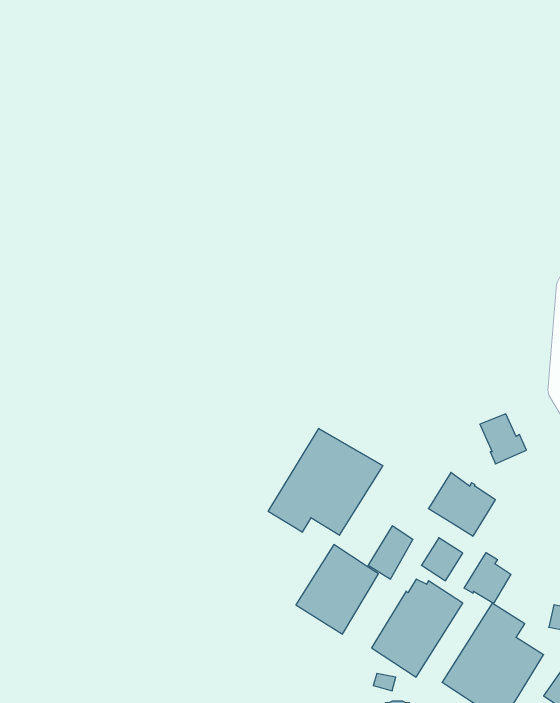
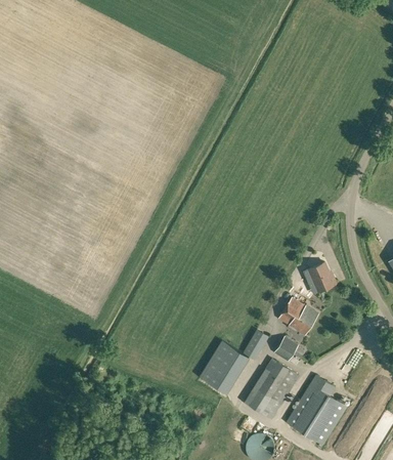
building: [268,428,383,535] -> none
building: [464,553,511,604] -> none

